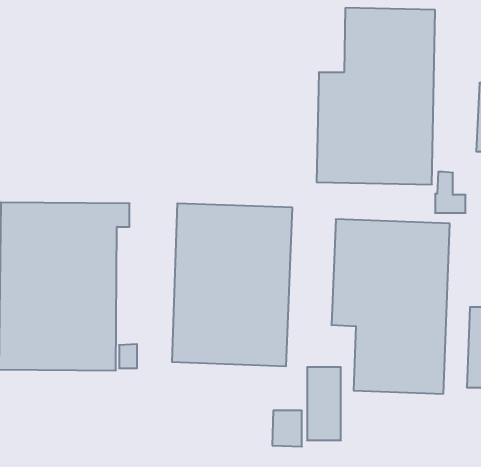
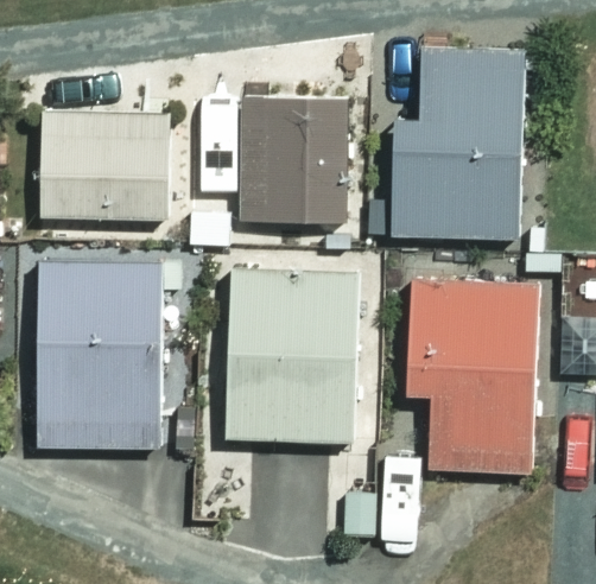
building: none -> [237,100,347,224]
building: none -> [39,114,169,222]

